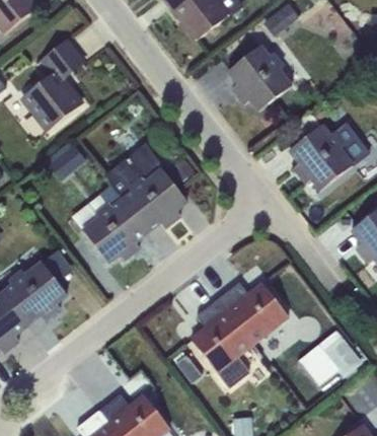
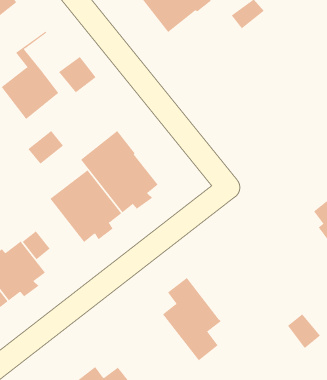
building: [45,41,85,80] -> [58,56,96,93]
building: [227,46,293,112] -> none
building: [289,112,355,191] -> none
building: [217,283,288,345] -> none
building: [298,331,340,386] -> none

